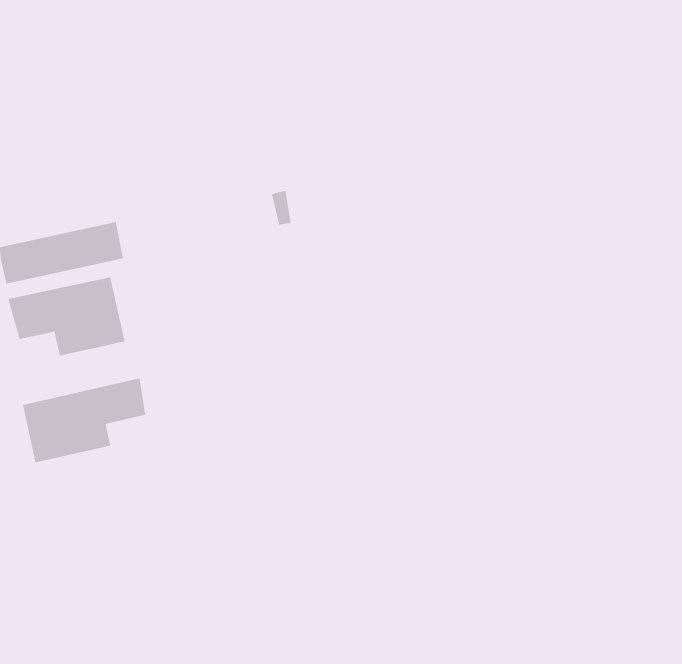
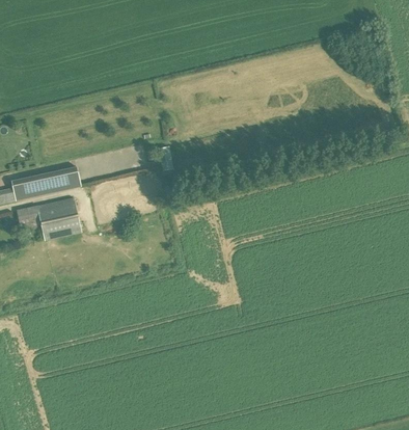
building: [23,378,146,463] -> none

